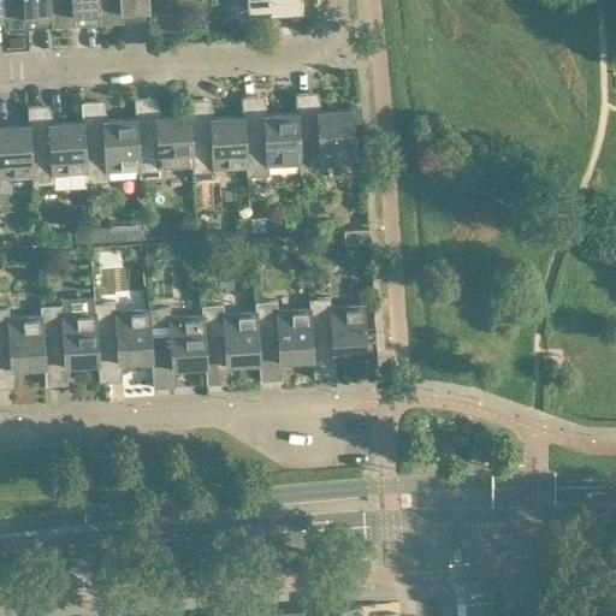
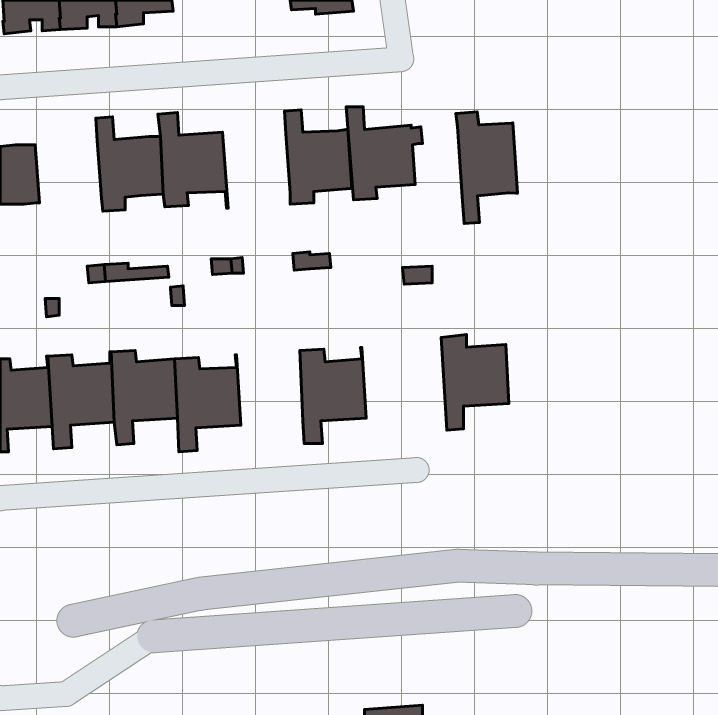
building: none -> [456,112,517,223]
building: [191,101,249,182] -> none
building: [30,107,88,186] -> none
building: [310,298,368,380] -> [441,335,509,430]
building: [203,303,260,386] -> none

